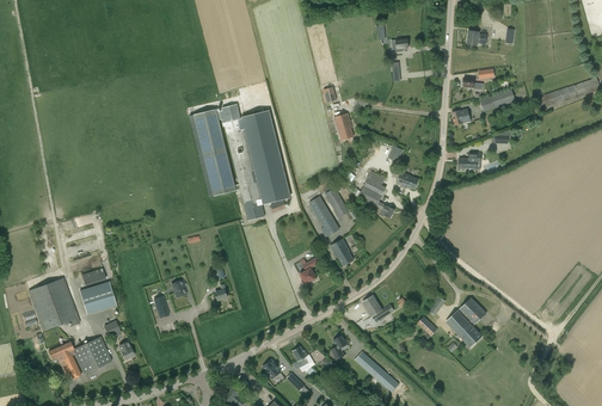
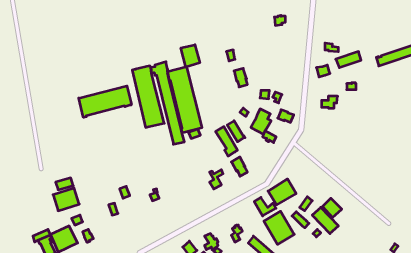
building: none -> [181,45,200,67]
building: none -> [79,86,131,117]
building: none -> [268,179,296,205]
building: [29,277,80,330] -> none
building: none -> [264,211,294,244]

